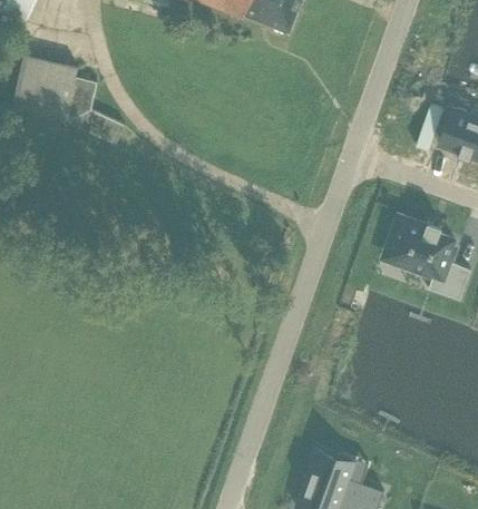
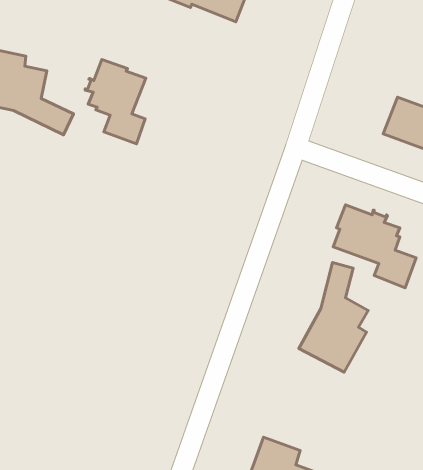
building: none -> [85,59,146,144]
building: none -> [299,262,368,372]

